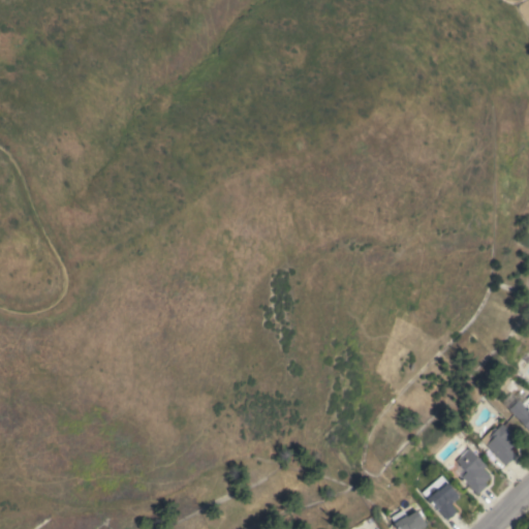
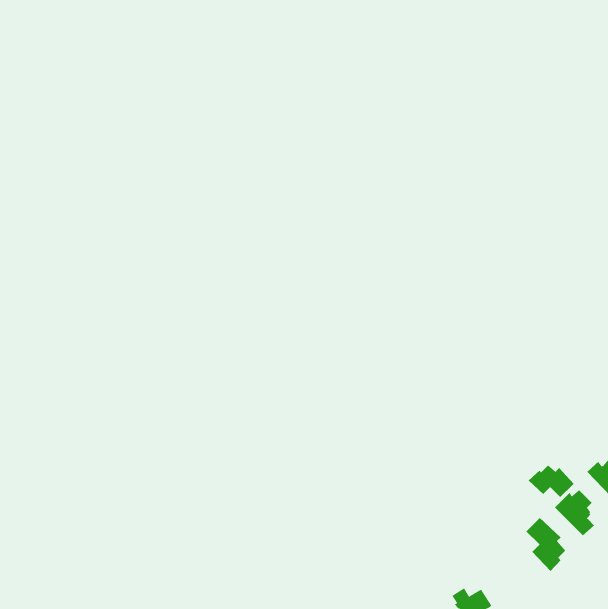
building: none -> [528,465,574,498]
building: [423,475,461,521] -> none

